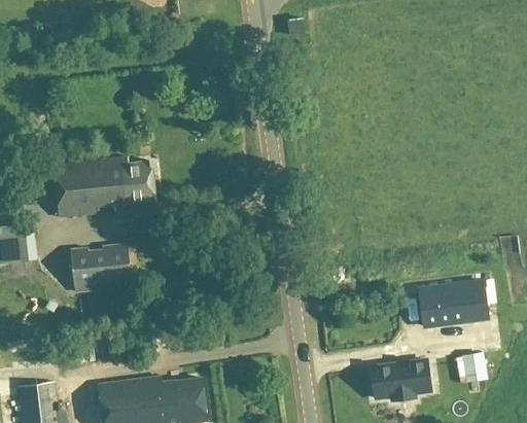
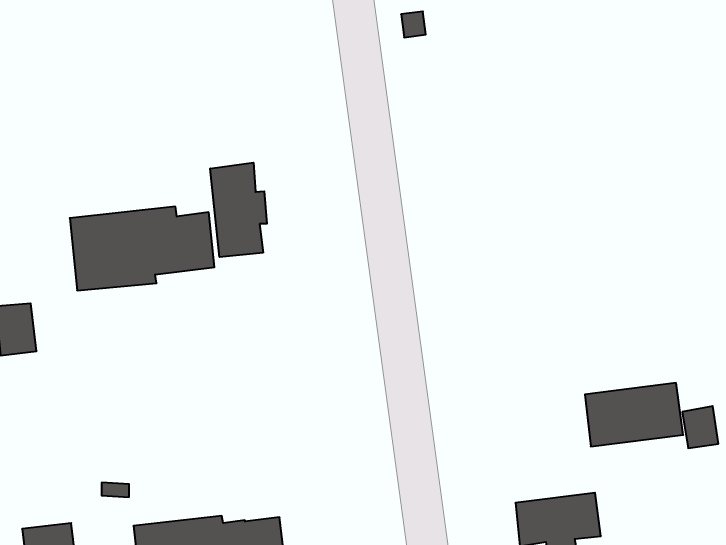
building: none -> [210,163,267,257]
building: [70,242,131,290] -> none
building: [462,350,488,380] -> [682,406,718,448]

